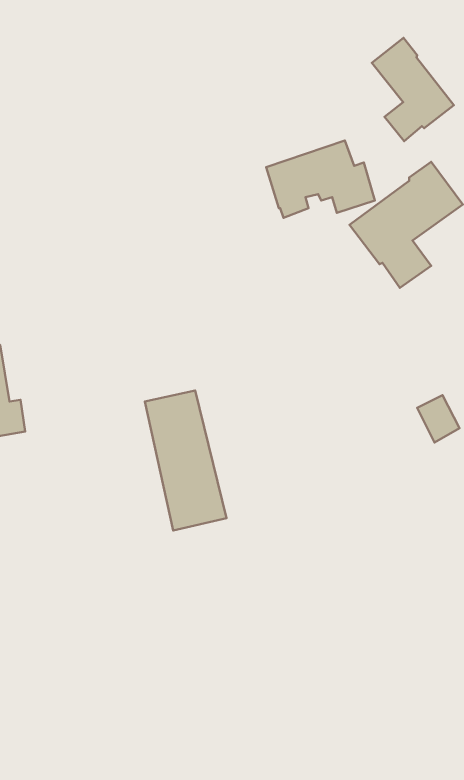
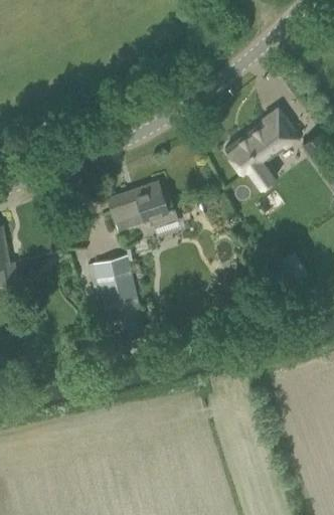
building: [372,38,454,141] -> none
building: [266,140,375,218] -> [108,181,177,230]

